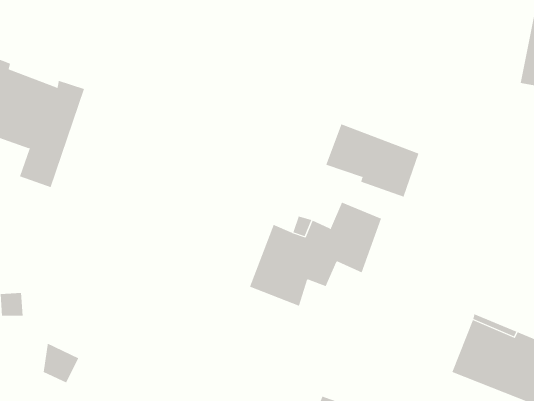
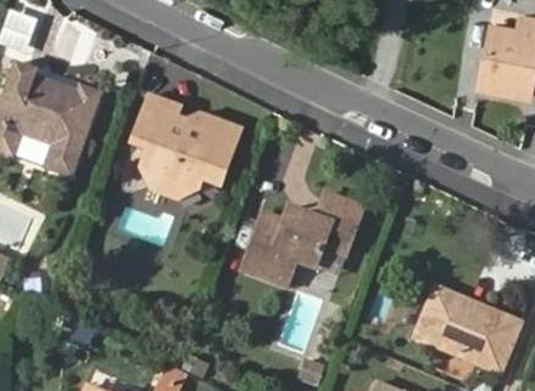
building: none -> [135,92,237,195]
building: [326,124,419,198] -> none

